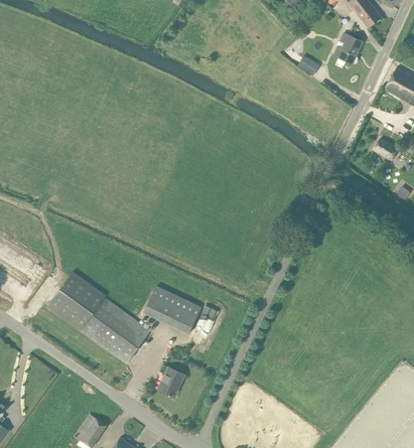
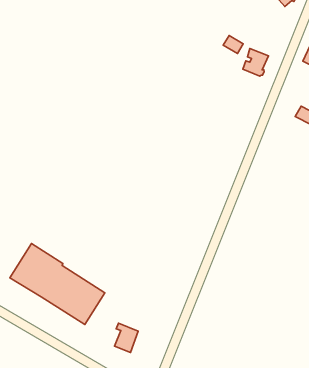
building: [333,32,363,63] -> [243,49,269,76]
building: [143,285,201,333] -> none

